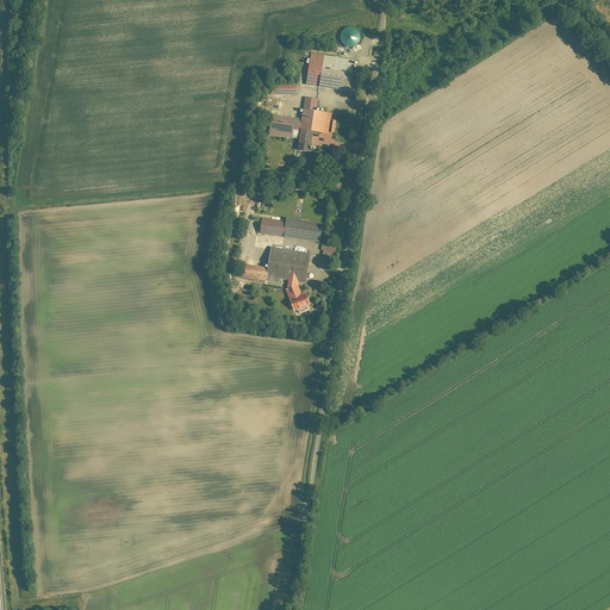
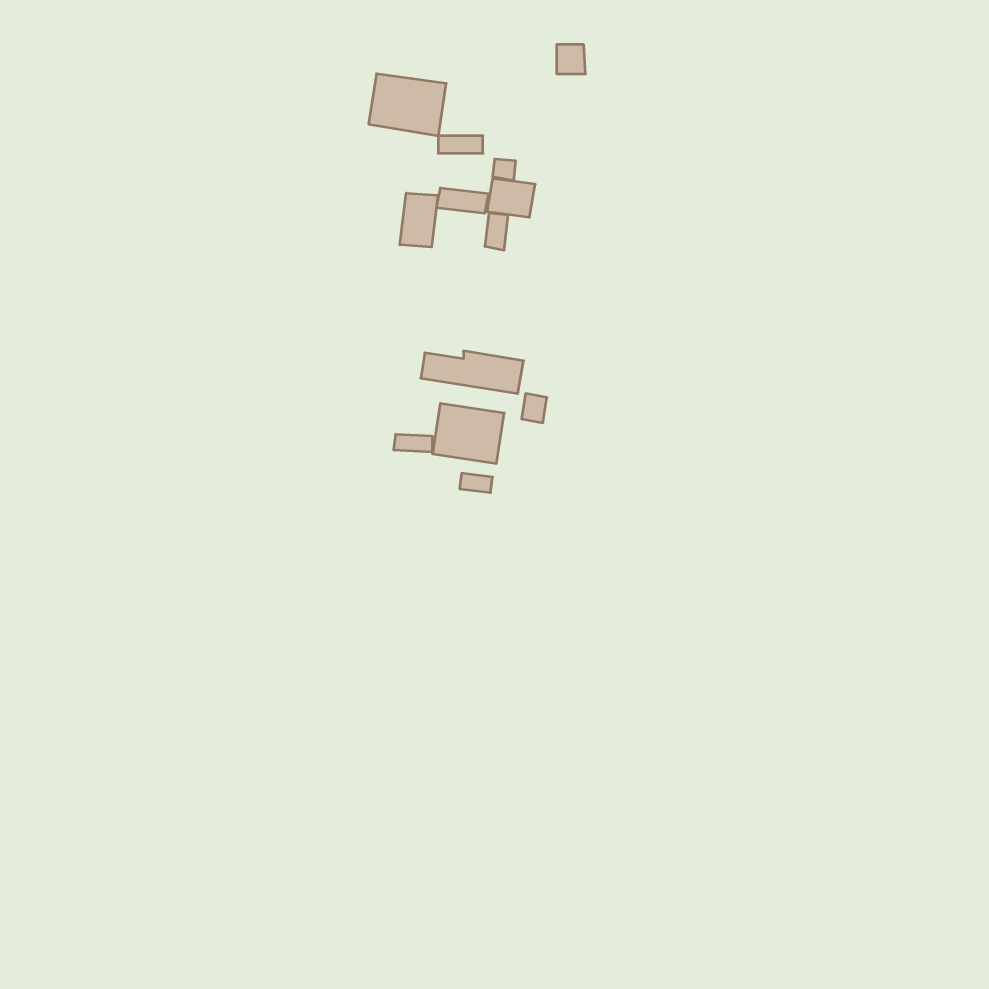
building: [305,54,353,92] -> [369,74,446,136]
building: none -> [400,193,438,247]

